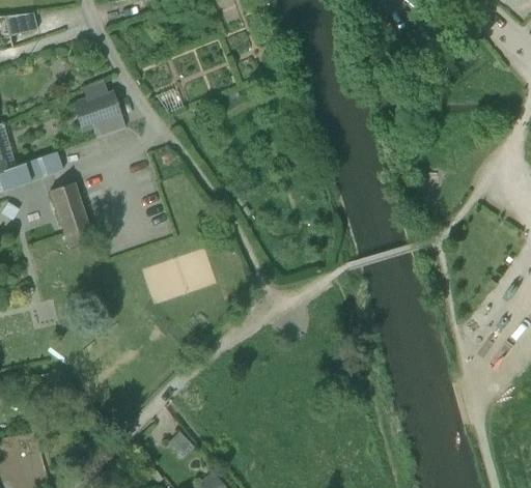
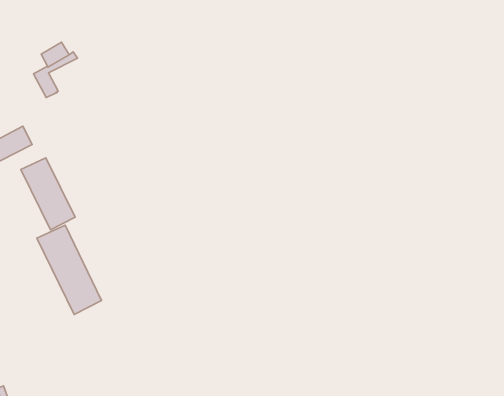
building: [86,97,124,138] -> none
building: none -> [37,225,102,315]

